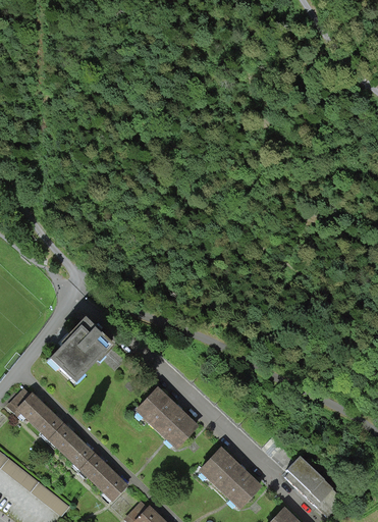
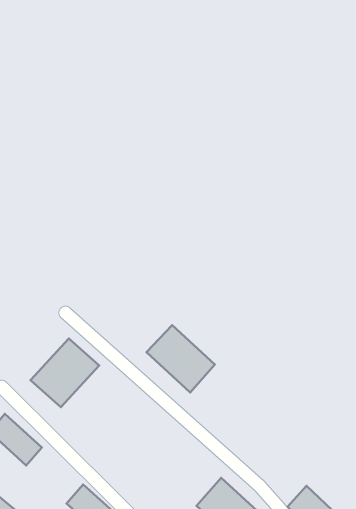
building: [137,387,199,449] -> [146,325,215,393]
building: [49,424,93,466] -> none

